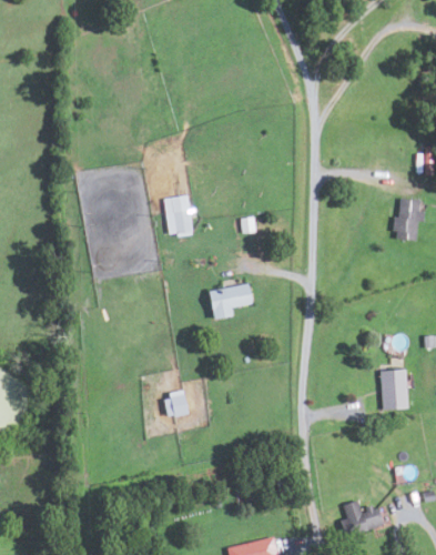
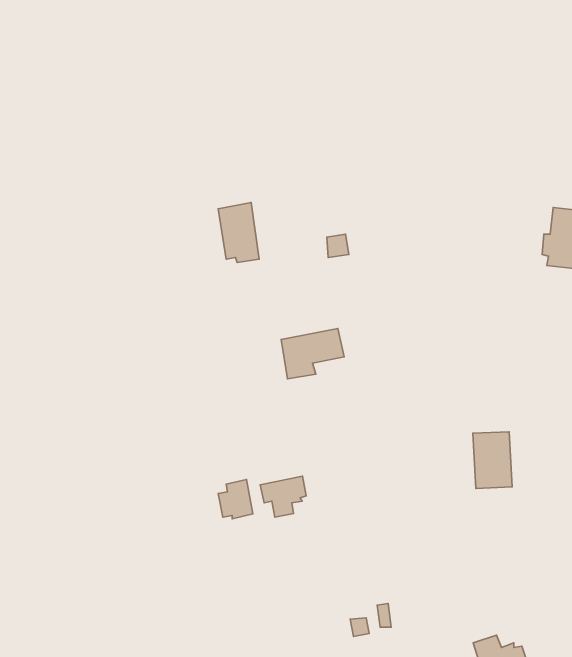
building: [381,370,408,410] -> [473,432,512,488]
building: none -> [260,476,306,517]

